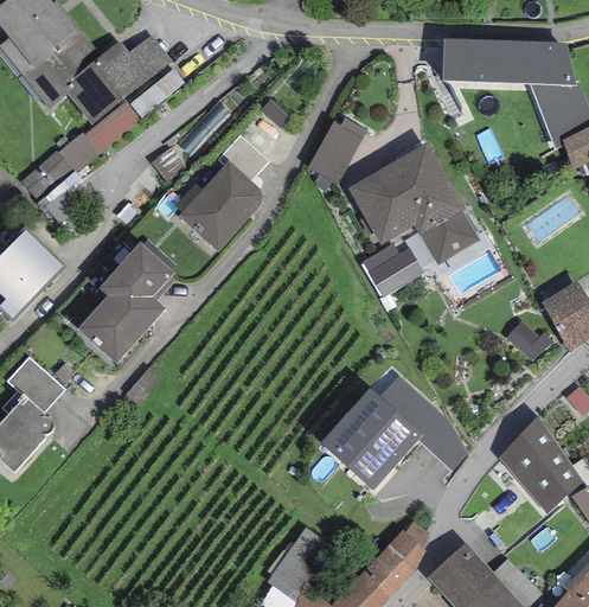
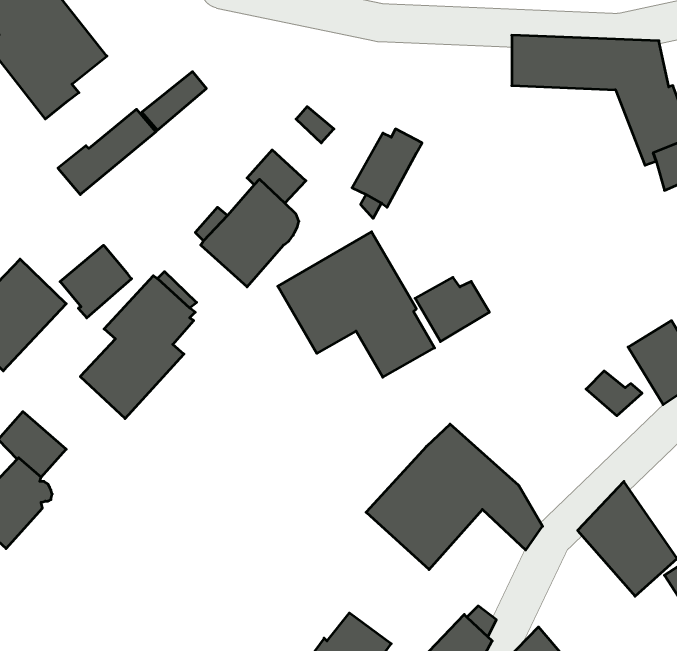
building: [66,34,172,124] -> none
building: [347,142,480,266] -> [278,232,435,377]
building: [20,149,81,211] -> [60,245,132,318]

